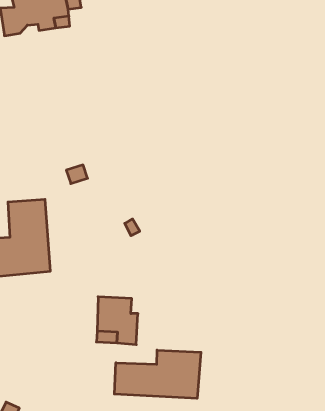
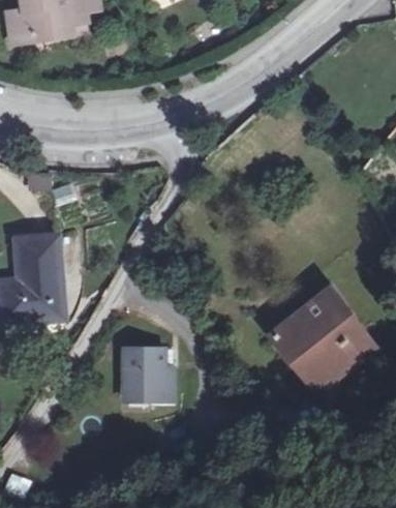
building: none -> [272,289,372,388]
building: [114,350,201,398] -> none

